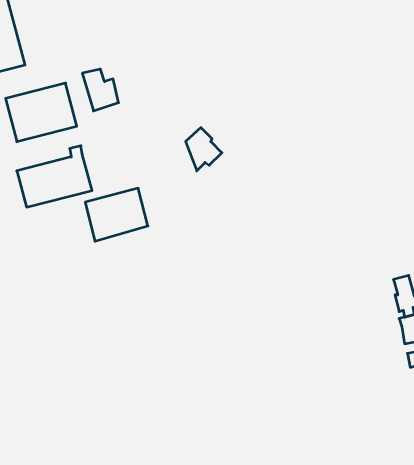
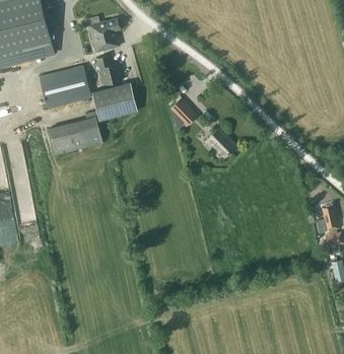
building: none -> [84,16,119,52]
building: none -> [204,128,235,157]
building: [85,188,148,241] -> [91,82,137,121]

